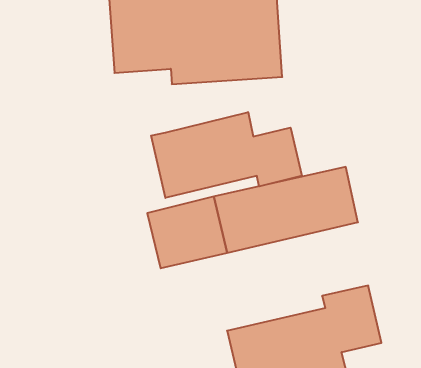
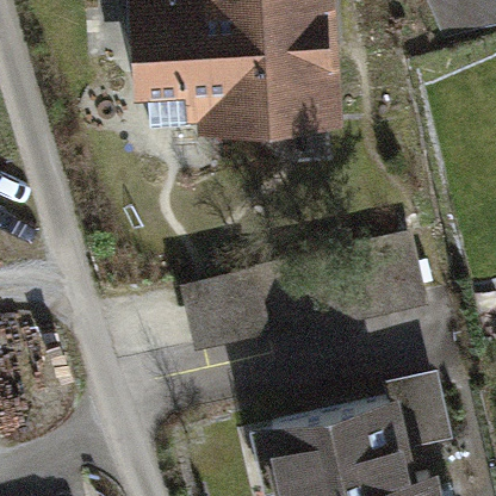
building: [151,112,302,198] -> none

